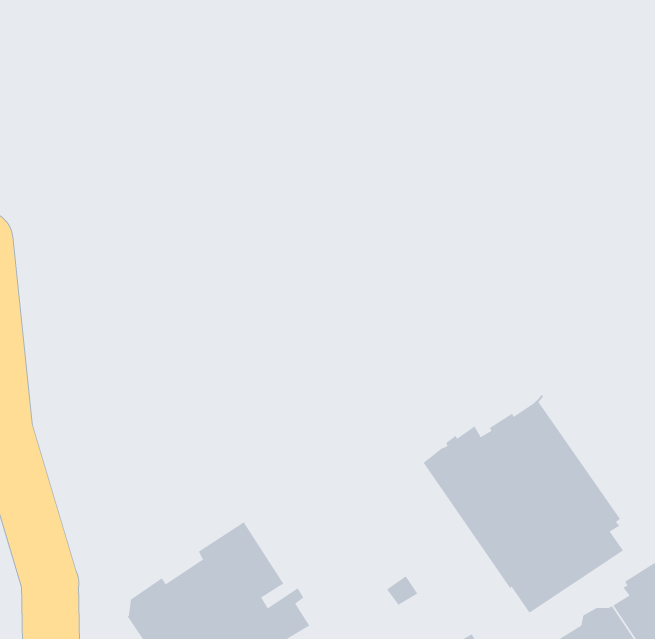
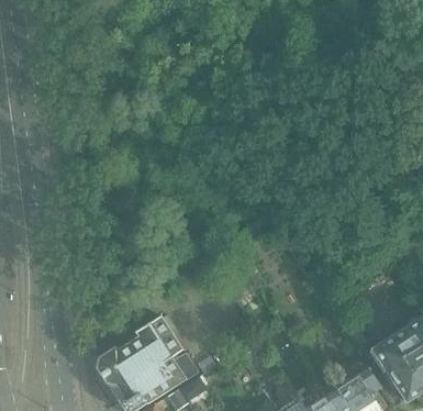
building: [423,394,624,614] -> none

